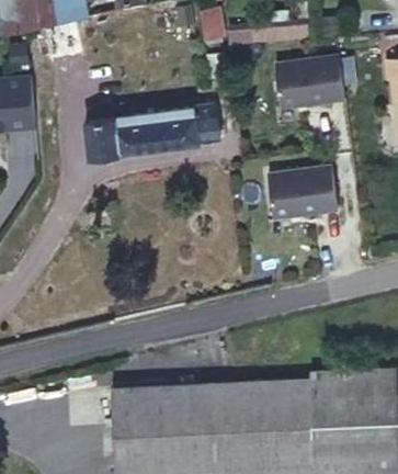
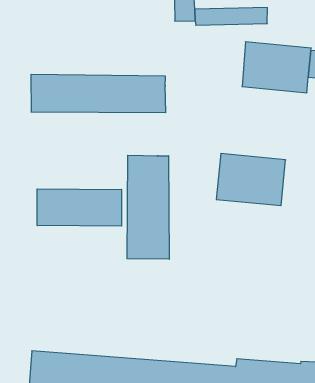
building: none -> [127,155,169,259]
building: none -> [37,189,121,226]

